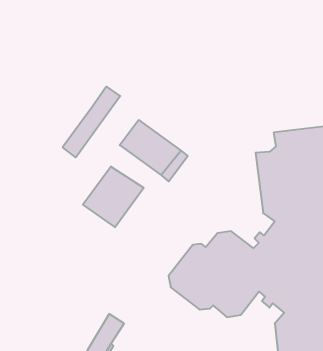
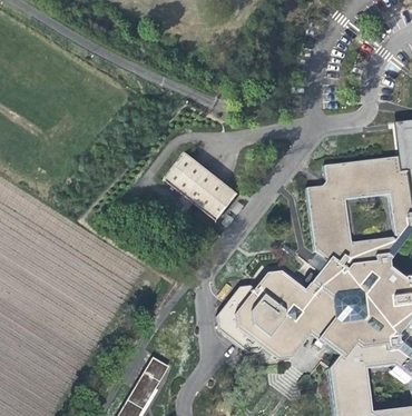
building: [63,87,120,157] -> none
building: [83,166,144,227] -> none

